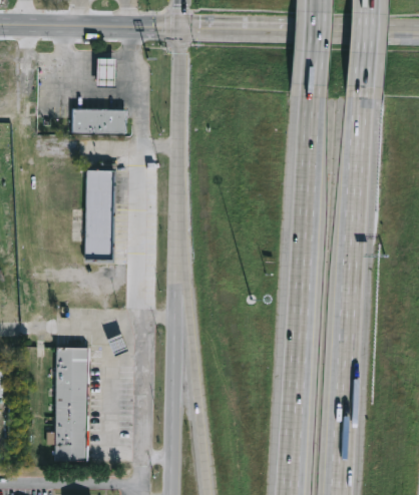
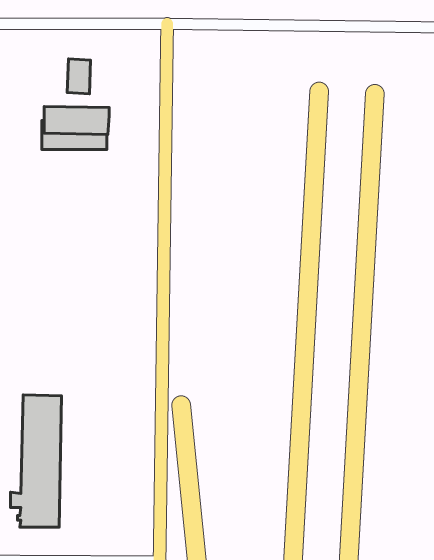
building: [84,168,113,262] -> none

